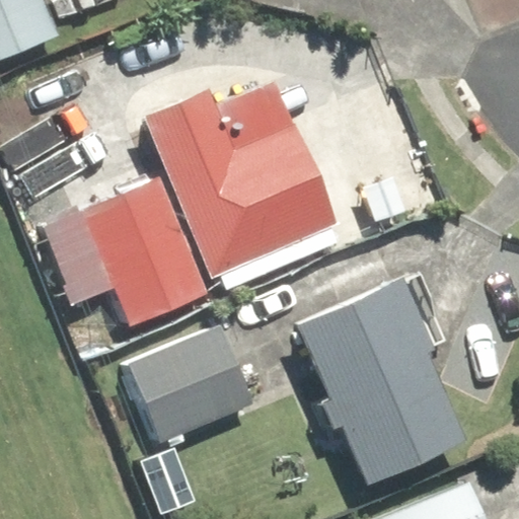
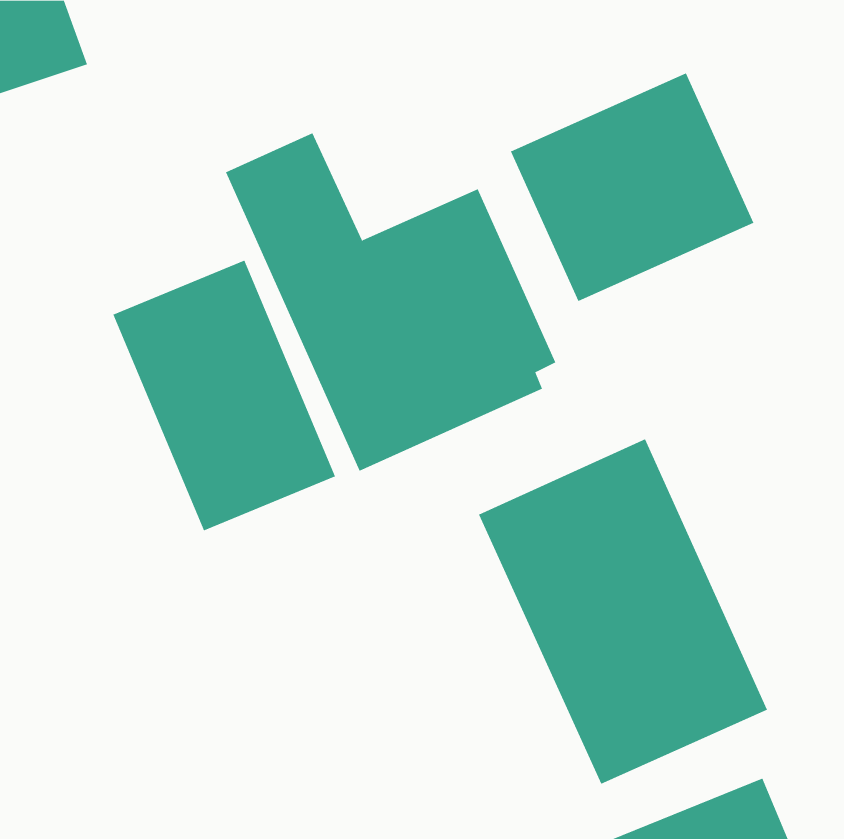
building: none -> [510,72,754,302]
building: [134,325,303,441] -> none

